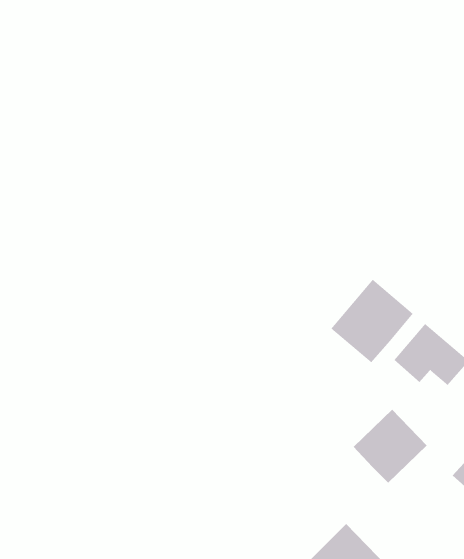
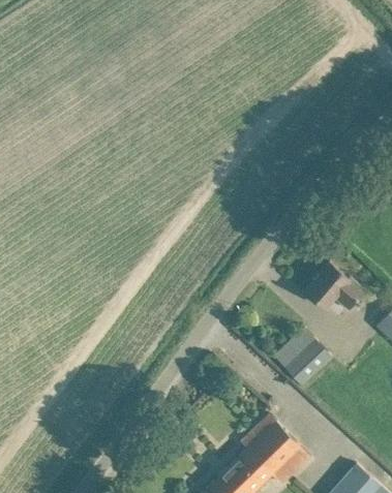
building: [331,279,413,363] -> none

